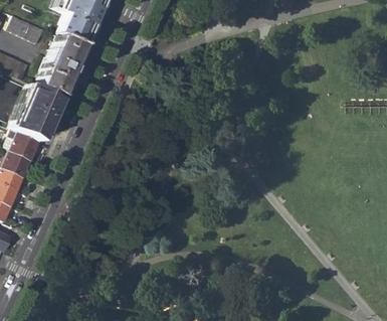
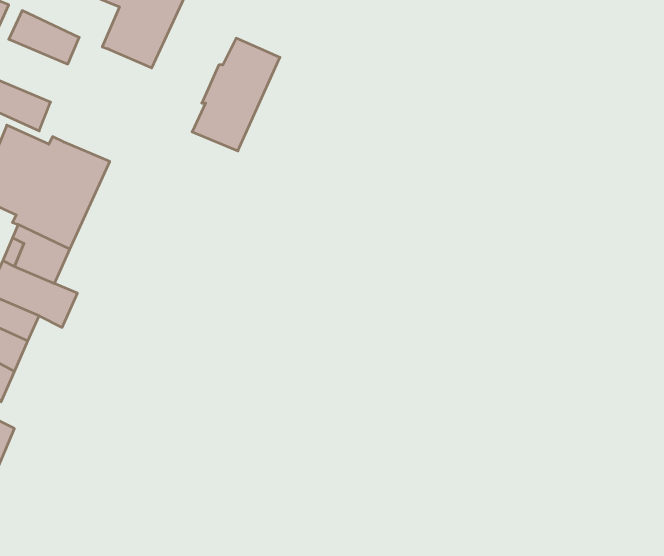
building: [40,38,86,98] -> [192,38,280,151]

